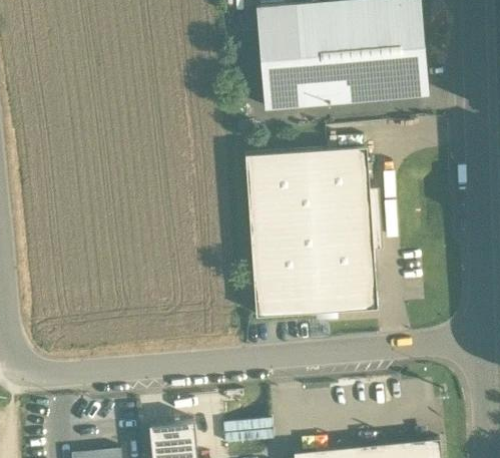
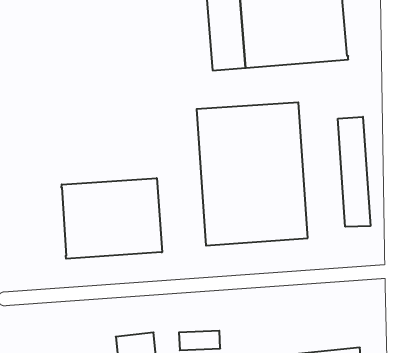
building: none -> [338,117,370,227]
building: none -> [61,178,162,259]

